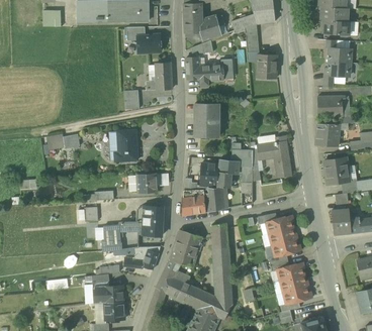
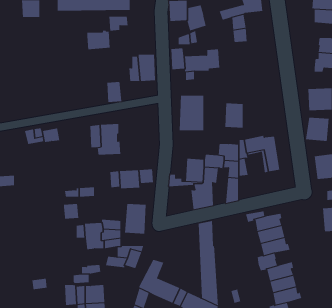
building: [137,33,161,52] -> [86,30,111,50]
building: [258,53,276,78] -> [225,103,243,128]
building: [181,195,205,215] -> none
building: [169,230,202,266] -> none

